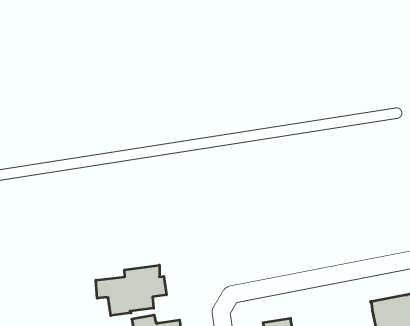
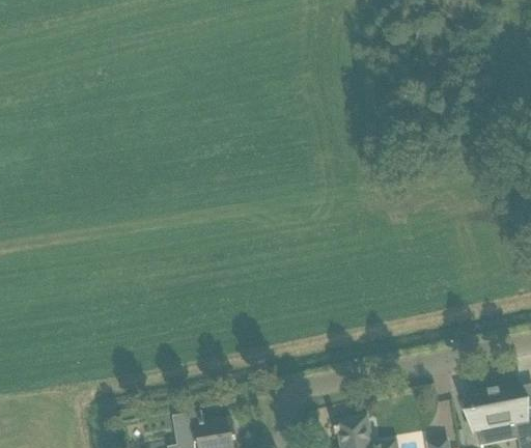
building: [96,265,166,316] -> none

